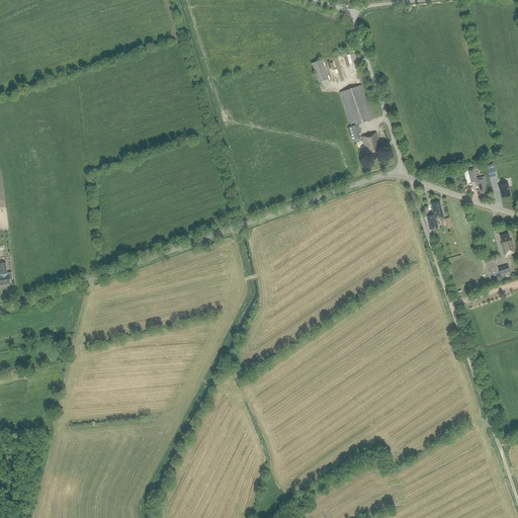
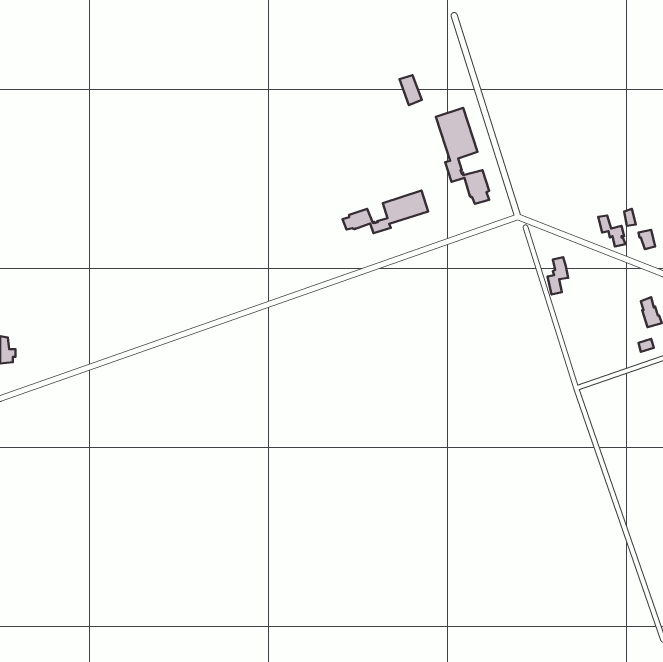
building: none -> [342,191,428,233]

